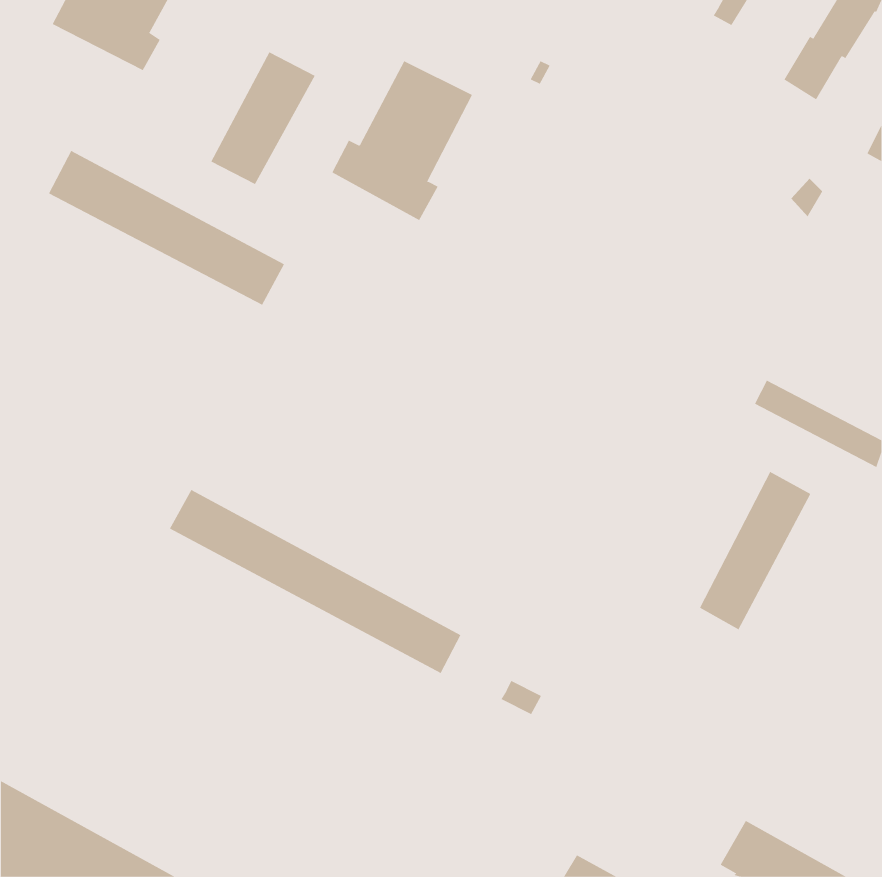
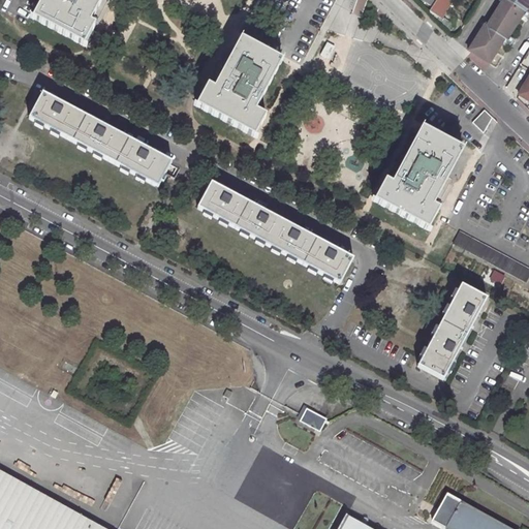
building: [210,51,315,185] -> none
building: none -> [374,124,462,224]
building: none -> [198,180,352,281]
building: [169,489,461,674] -> none

